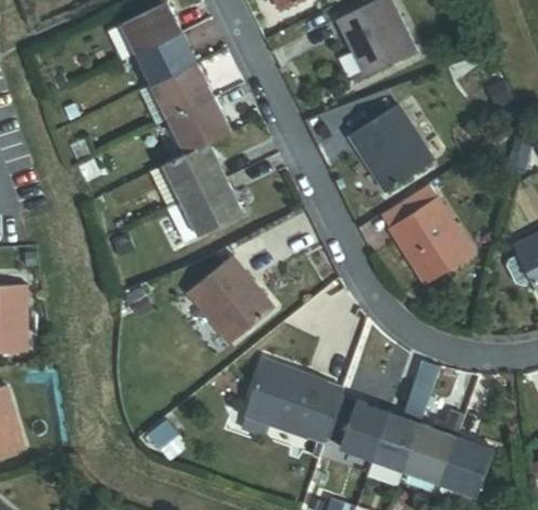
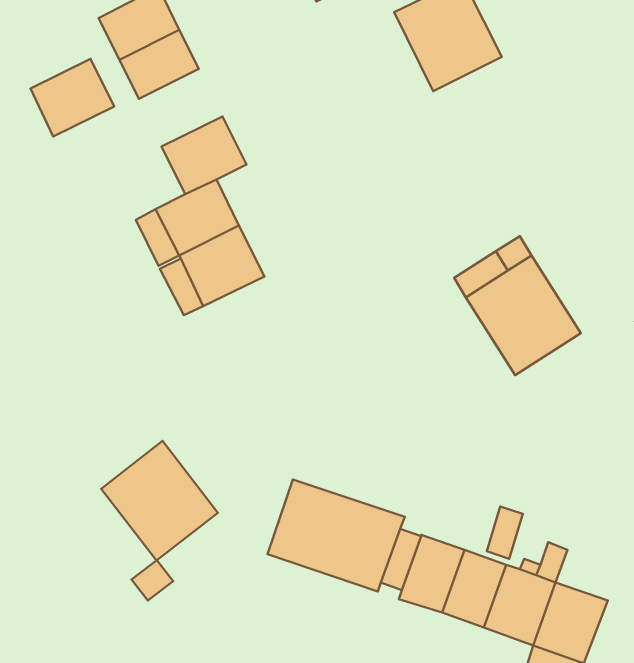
building: [151,61,212,118] -> [31,59,114,136]
building: [350,104,433,191] -> none
building: [186,255,271,342] -> [101,441,218,560]

